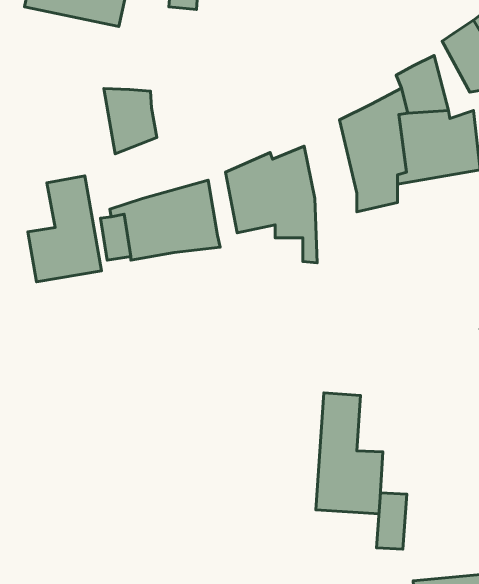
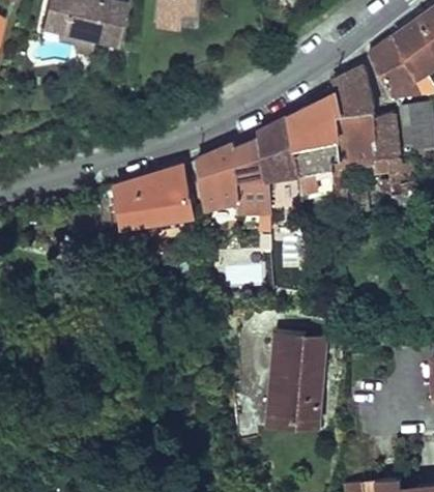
building: [104,88,157,154] -> none
building: none -> [260,118,302,193]
building: [28,176,102,282] -> none
building: [377,493,407,549] -> [302,336,326,380]

